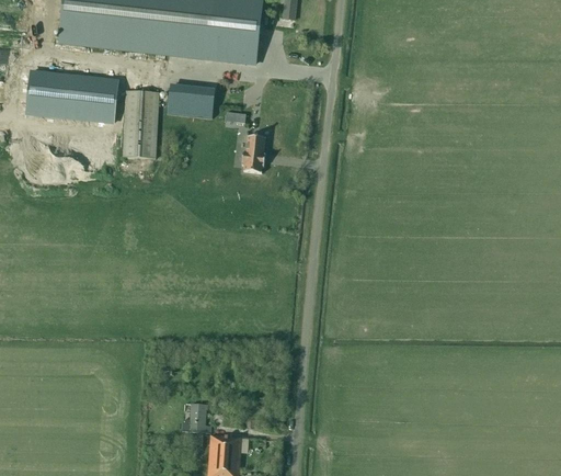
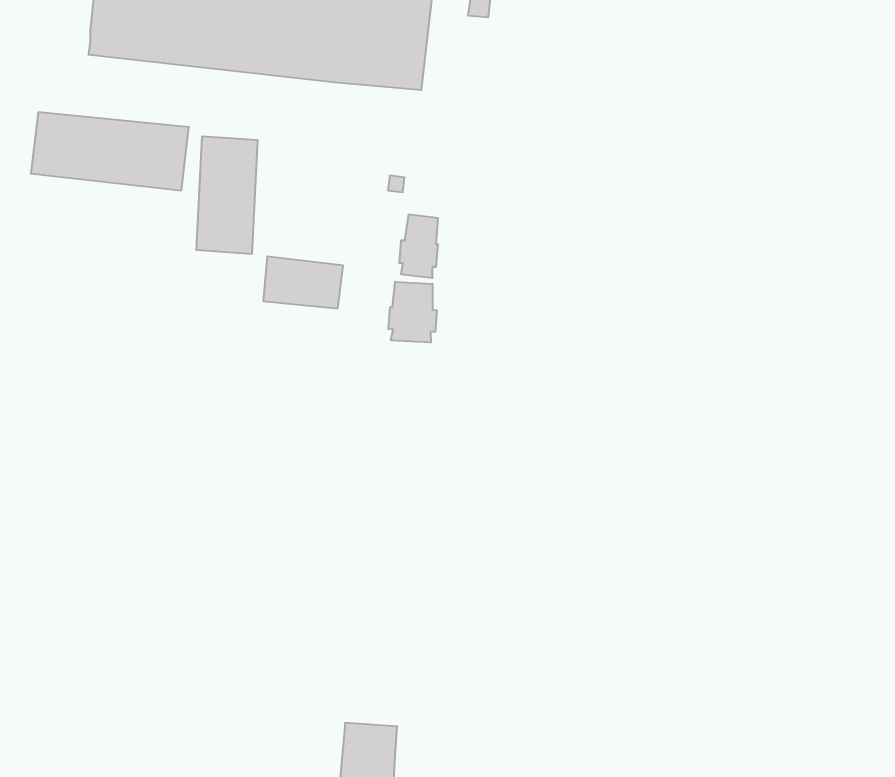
building: [168,87,215,117] -> [263,256,343,308]
building: none -> [388,282,437,343]
building: [183,404,211,433] -> none

